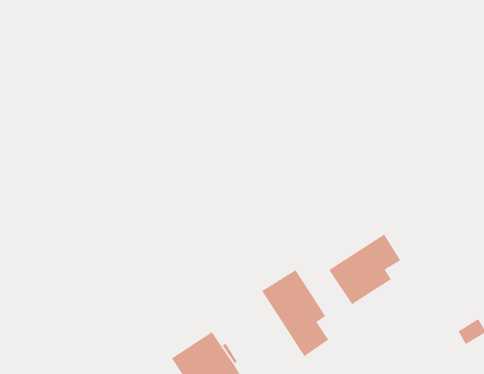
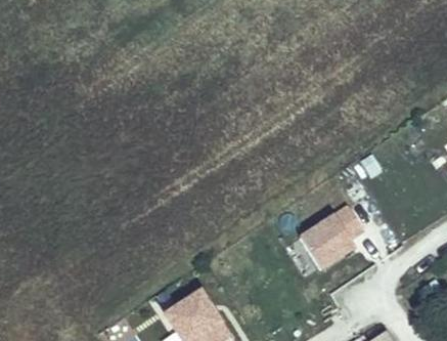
building: [261,269,329,357] -> none

